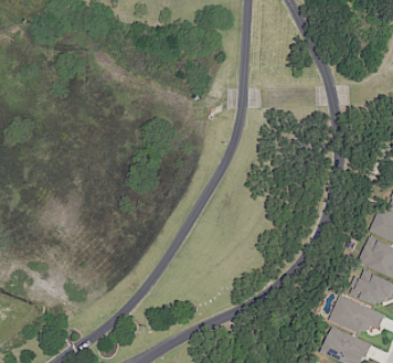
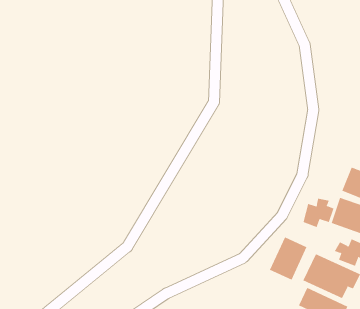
building: none -> [303,198,334,228]
building: none -> [269,237,307,280]

